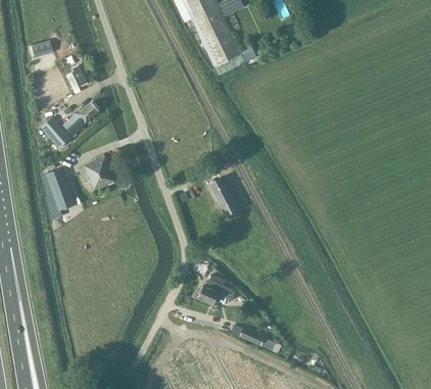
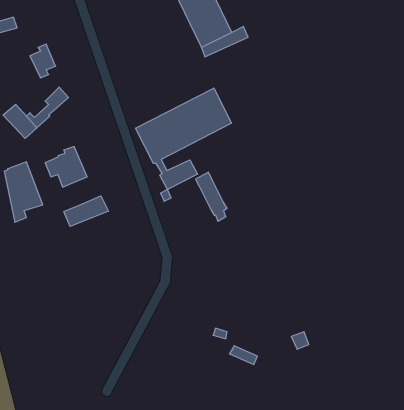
building: none -> [136,88,231,190]
building: none -> [64,196,108,226]
building: [198,278,237,304] -> none

